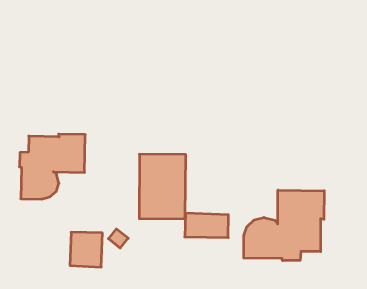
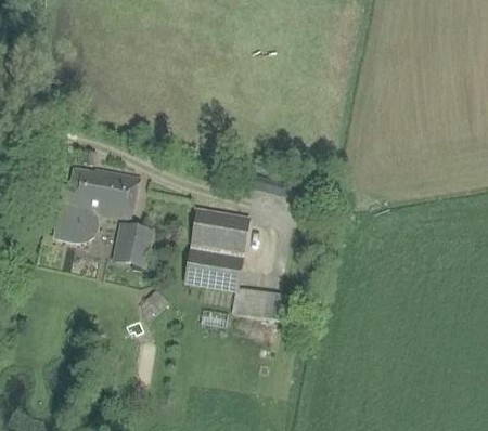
building: [244,190,324,261] -> none
building: [70,232,102,267] -> [112,221,155,266]

